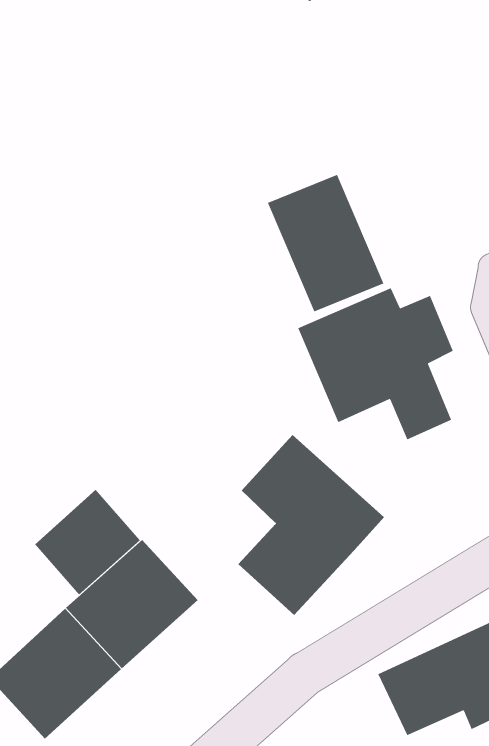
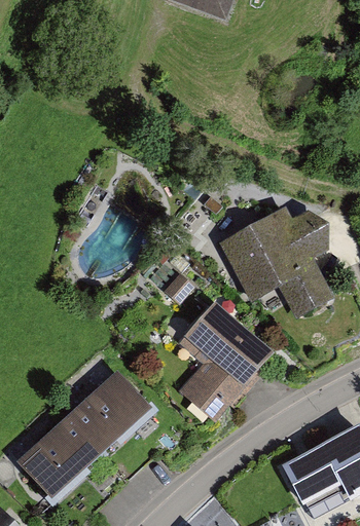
building: [267,174,384,313] -> none
building: [34,489,141,596] -> none

